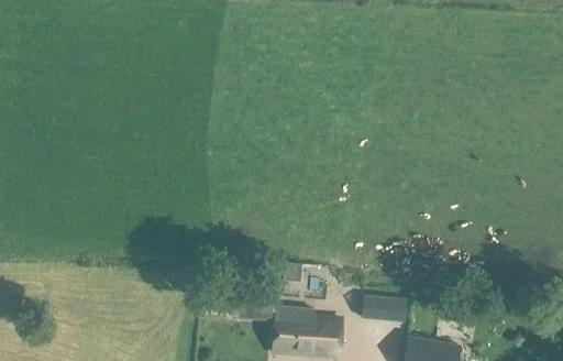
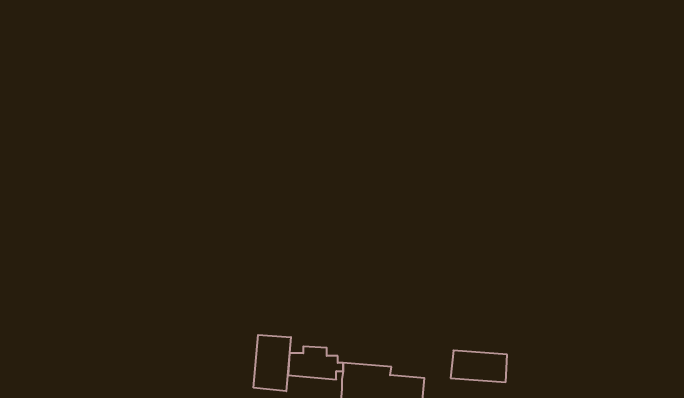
building: none -> [254,335,291,391]

